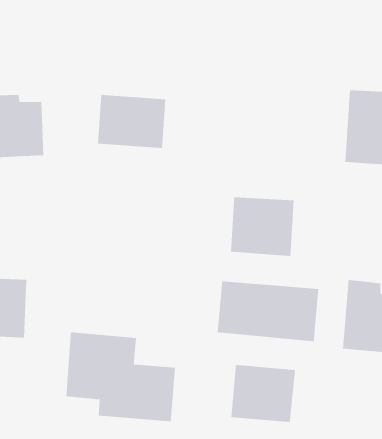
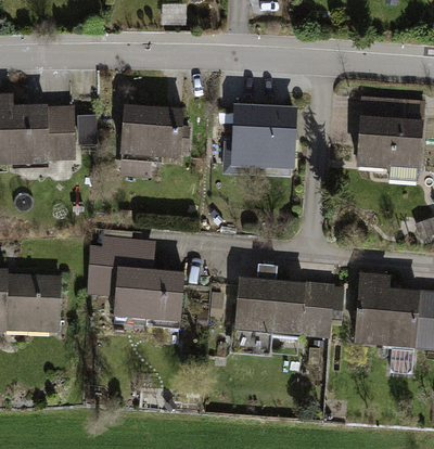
building: [230,197,295,257] -> [237,107,297,164]
building: [66,332,176,422] -> [85,240,189,324]
building: [231,364,295,423] -> none

